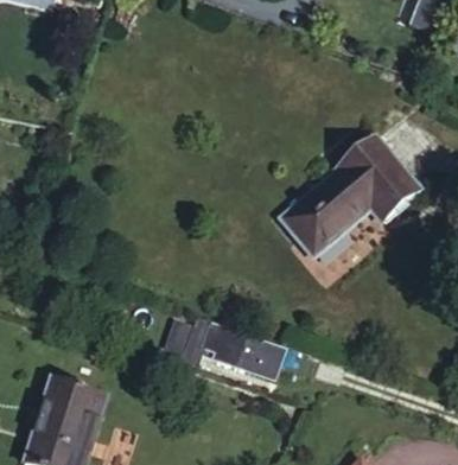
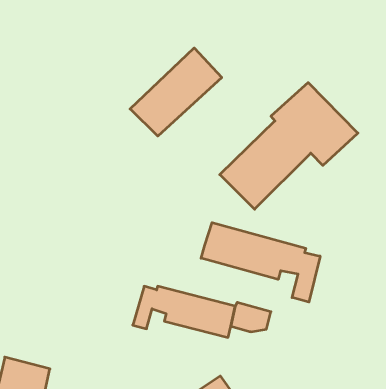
building: none -> [130,48,222,136]
building: none -> [201,223,320,302]

